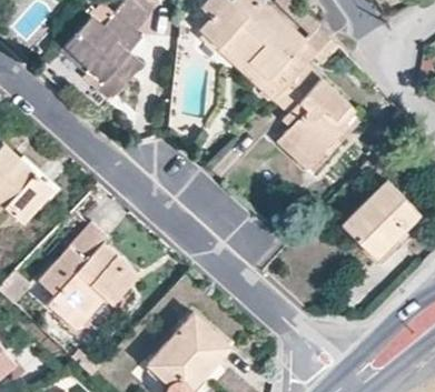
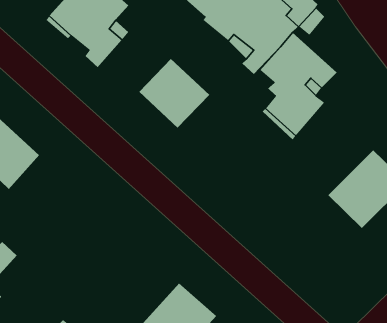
building: none -> [138,58,210,129]
building: [37,223,139,331] -> none

